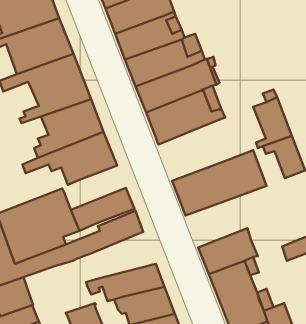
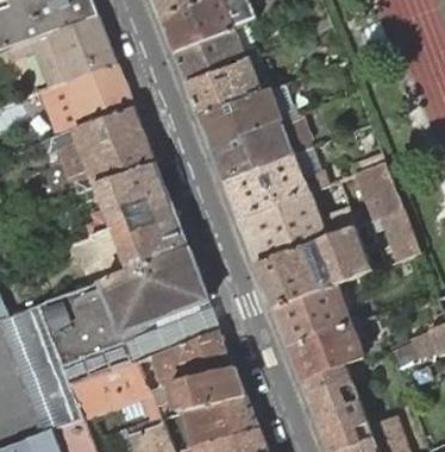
building: none -> [239,182,340,266]
building: none -> [120,247,199,302]
building: none -> [272,287,349,349]
building: none -> [150,329,236,388]
building: none -> [73,363,151,420]

